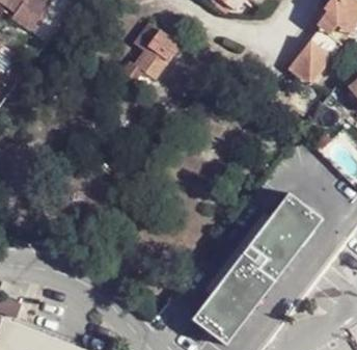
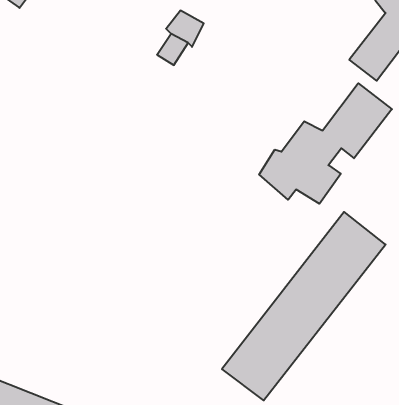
building: none -> [259,83,392,204]

